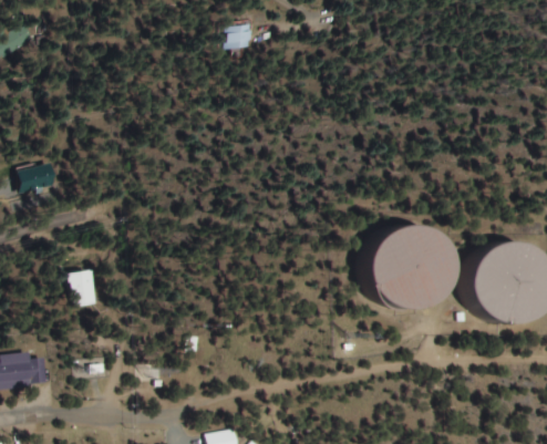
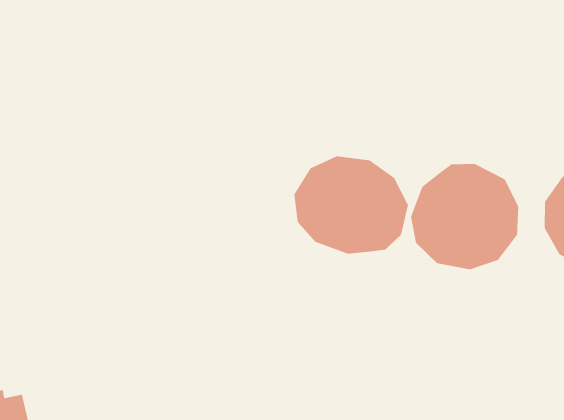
building: none -> [293,156,409,255]
building: [76,270,99,304] -> none

